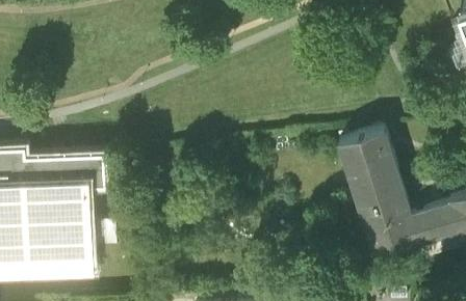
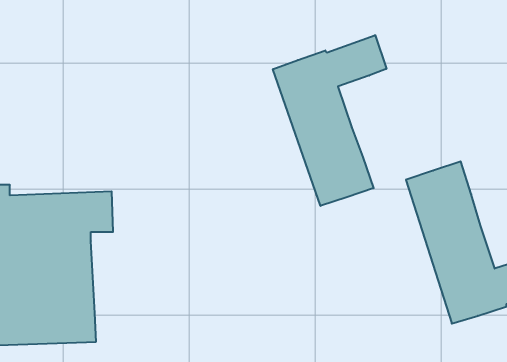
building: none -> [273,35,386,206]

